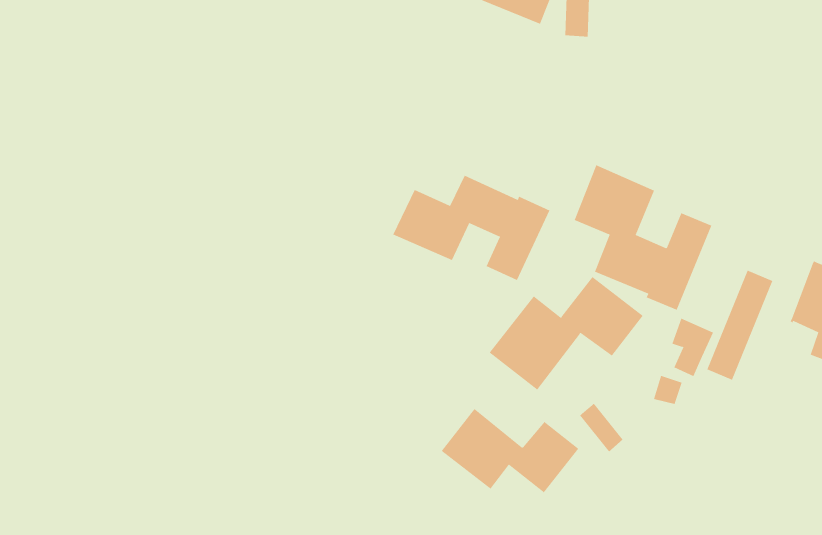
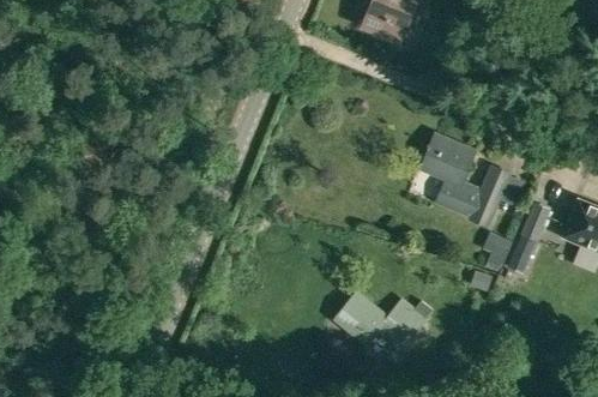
building: [393,175,550,281] -> none
building: [489,276,644,391] -> none

